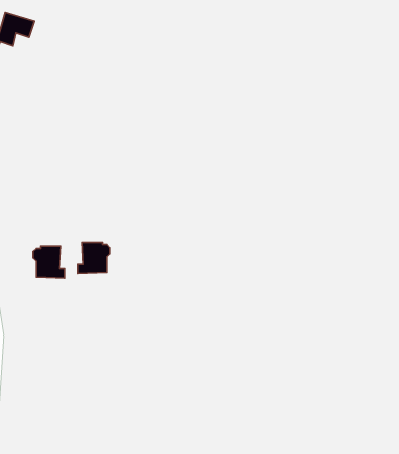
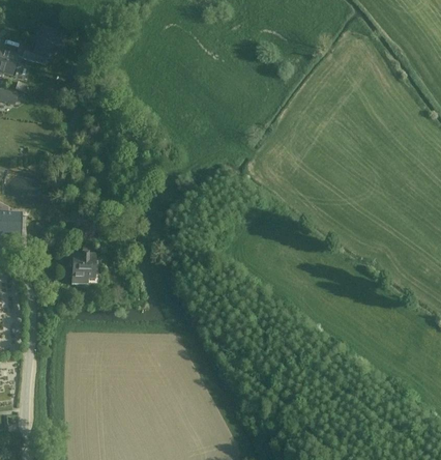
building: [78,243,110,274] -> none

